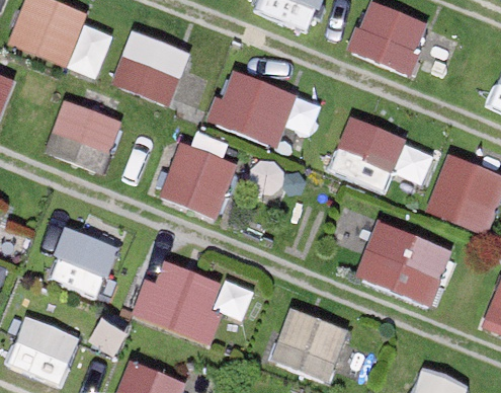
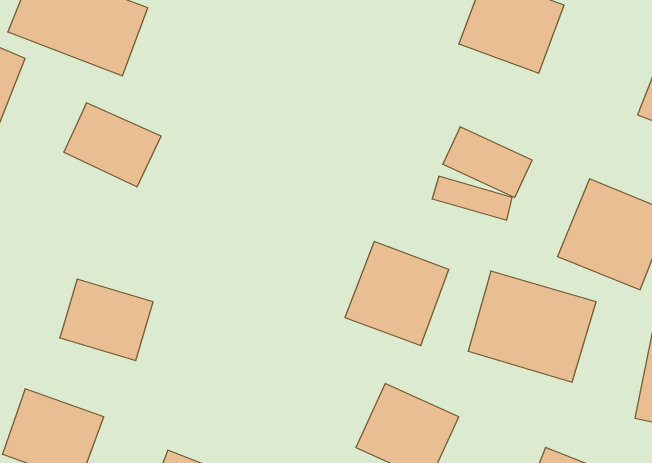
building: [109,30,190,110] -> none
building: [212,72,291,143] -> none
building: [160,142,239,221] -> [345,241,449,346]
building: [137,261,236,343] -> none

